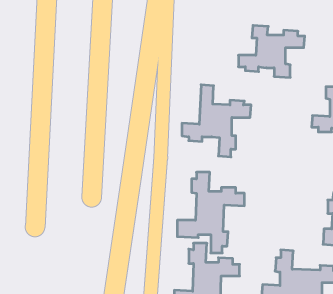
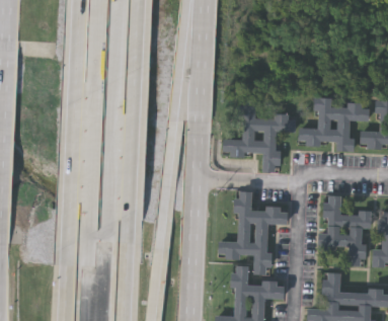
building: [238,25,305,77] -> [300,97,370,152]
building: none -> [318,193,373,266]

